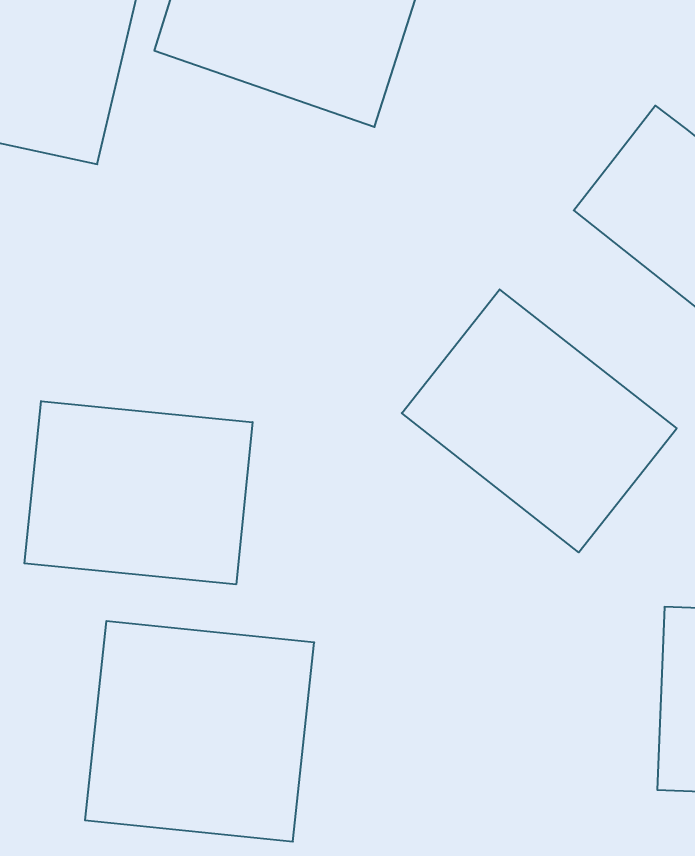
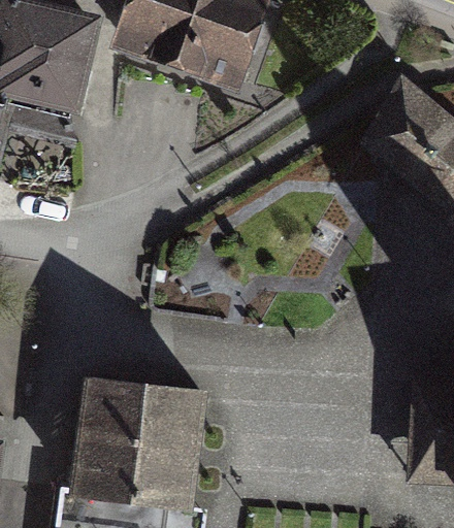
building: [402,289,677,552] -> none
building: [24,401,253,584] -> none

